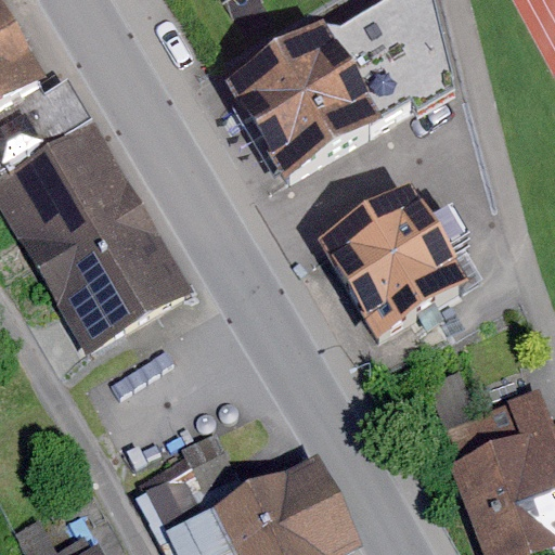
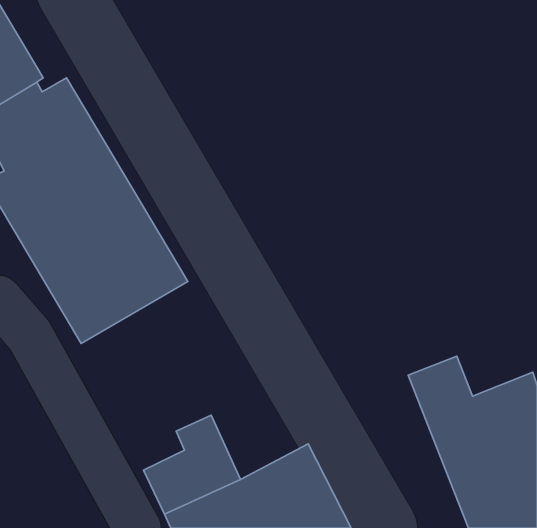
building: [223,30,377,182] -> none
building: [325,190,473,339] -> none

